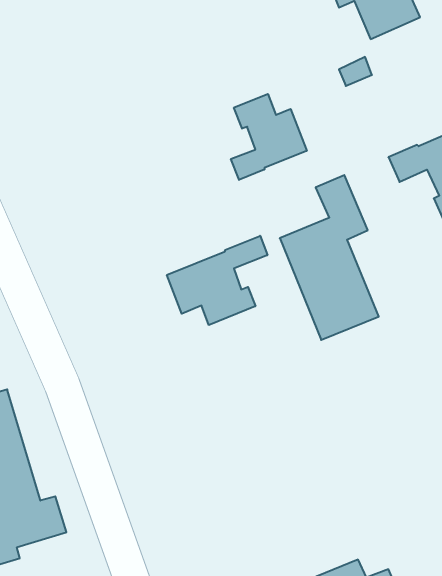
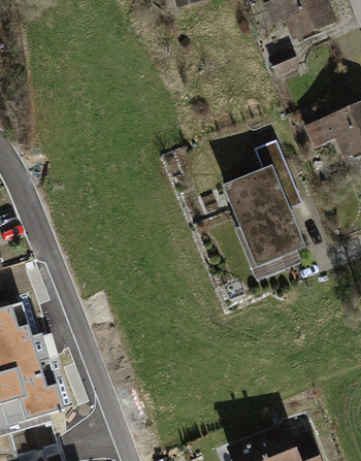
building: [231,94,307,180] -> none
building: [167,236,267,325] -> none

